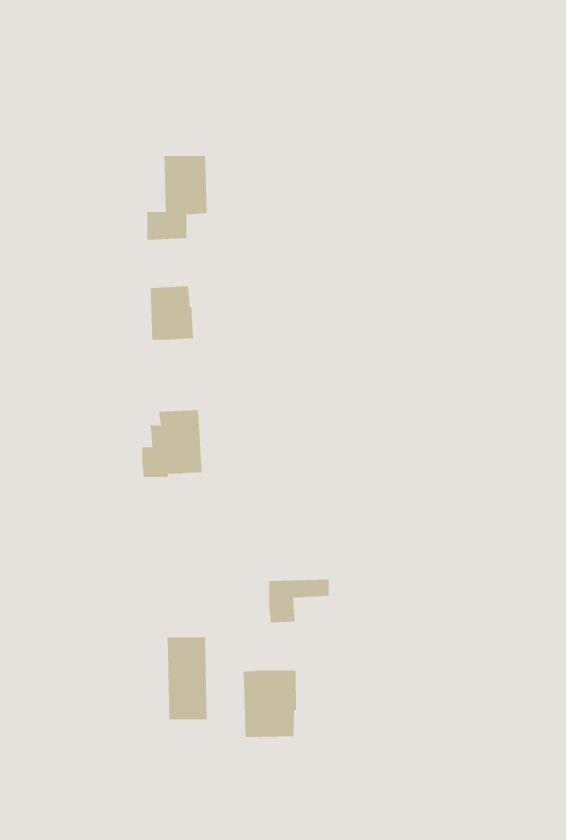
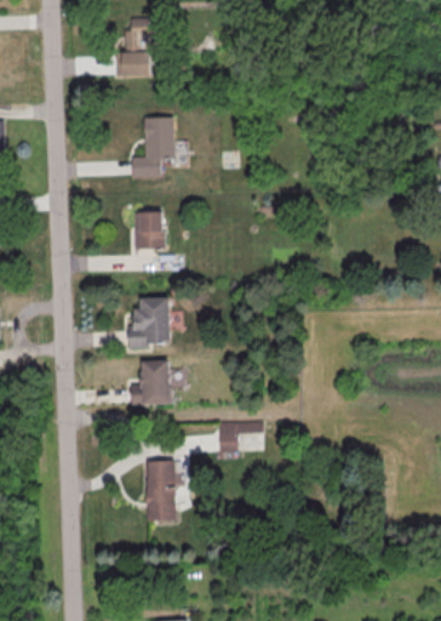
building: none -> [115,18,160,78]
building: none -> [130,361,171,406]
building: [243,670,297,738] -> none

